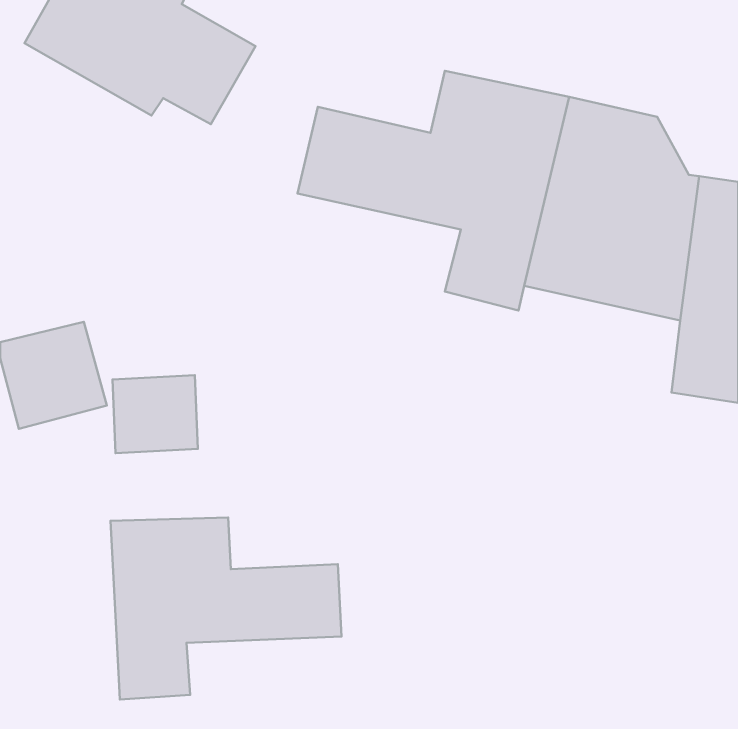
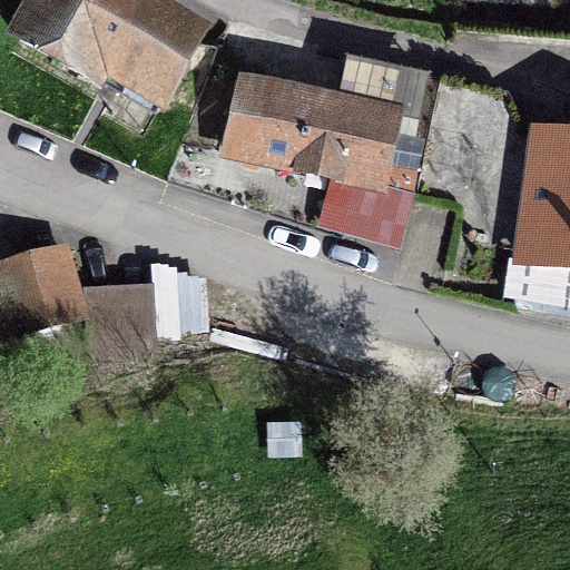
building: [110,517,342,700] -> none

